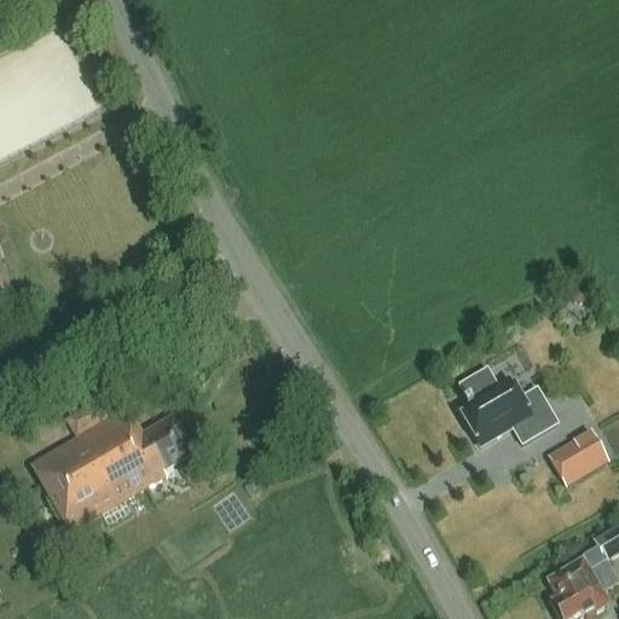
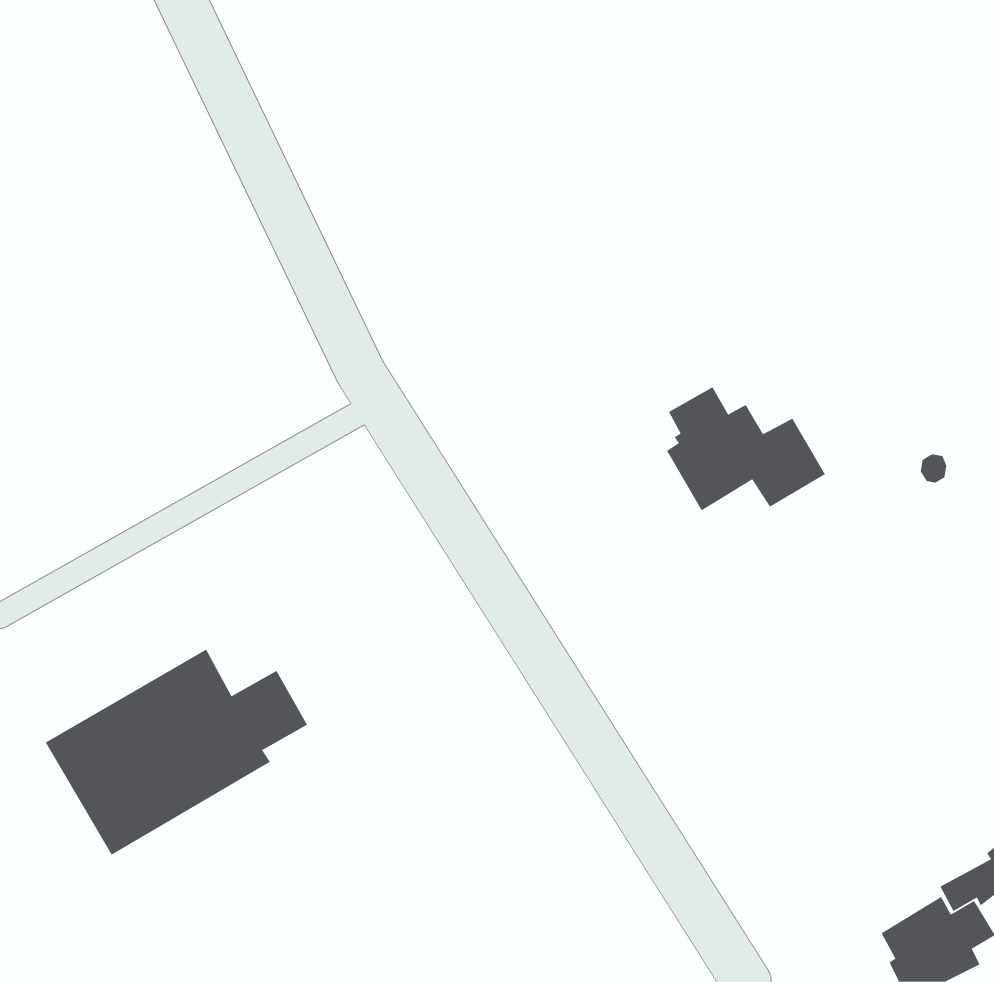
building: [459,366,559,444] -> [666,387,826,511]
building: [548,427,609,485] -> none

